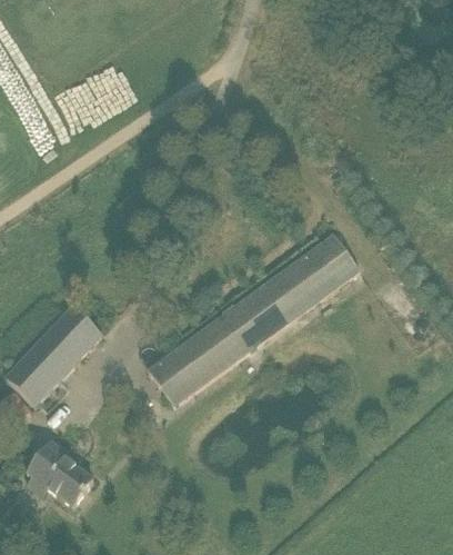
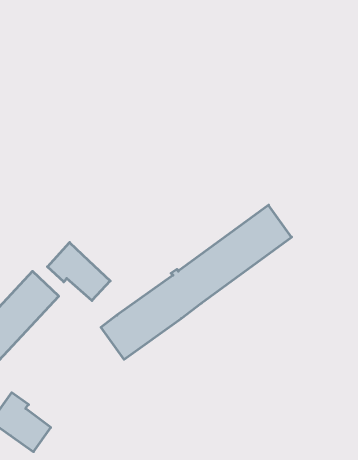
building: none -> [47,242,110,301]

